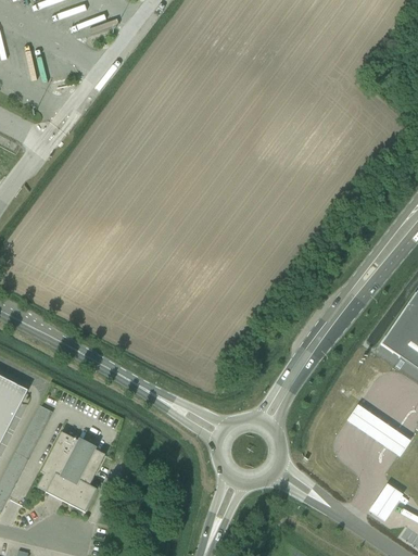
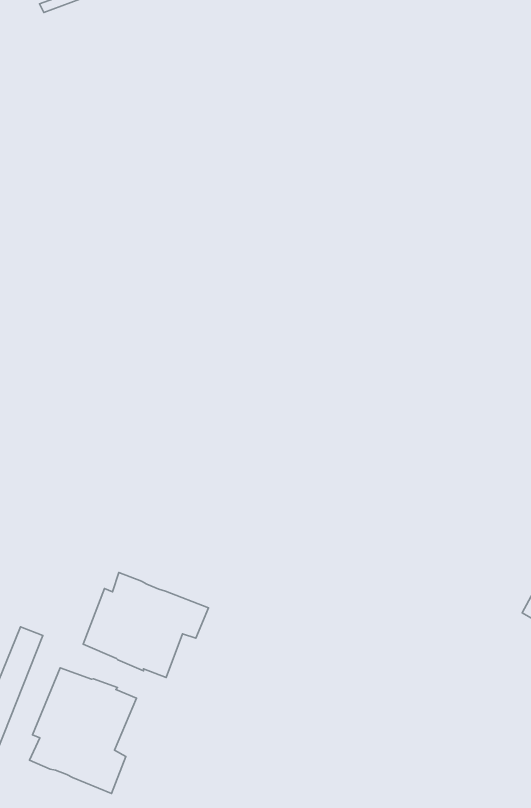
building: none -> [83,573,208,677]

